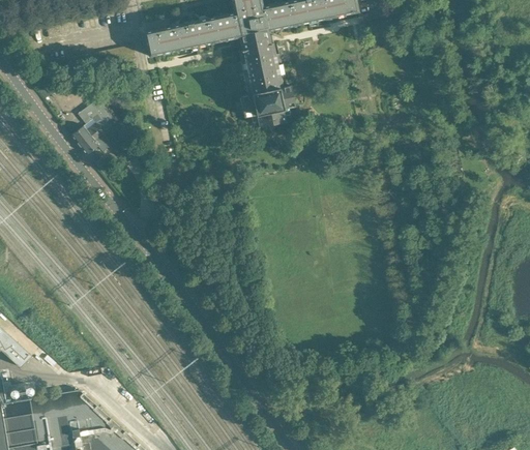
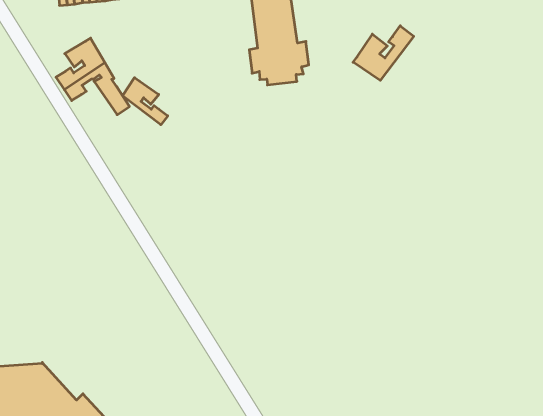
building: none -> [353,26,414,80]
building: none -> [123,78,168,125]

